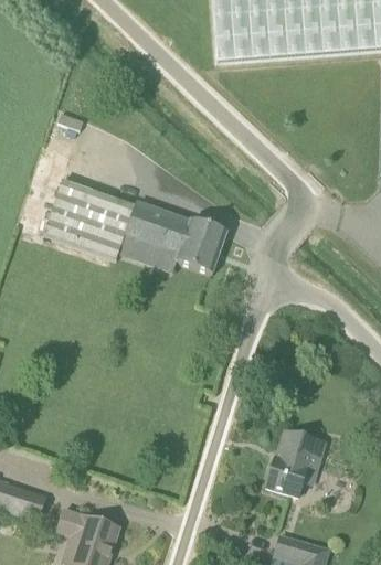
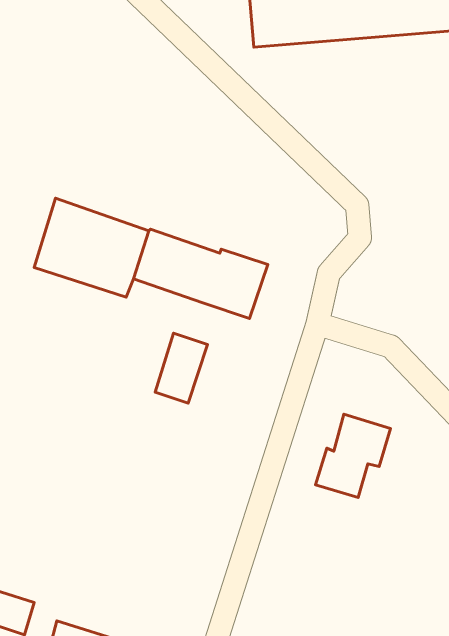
building: none -> [155,333,208,403]
building: [265,429,324,494] -> [316,414,391,498]

